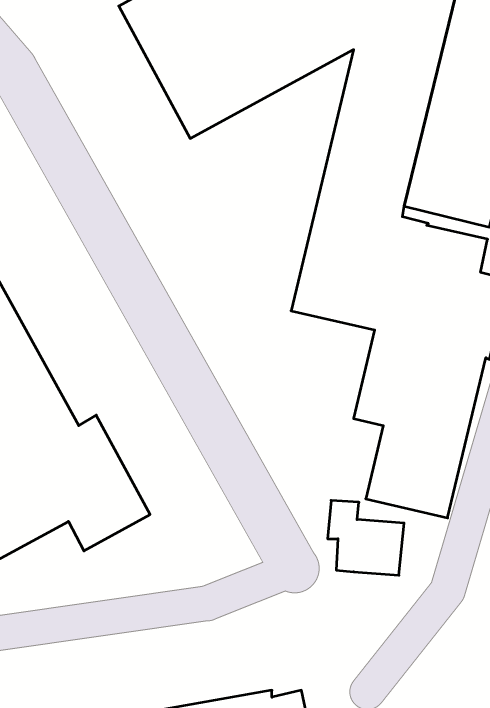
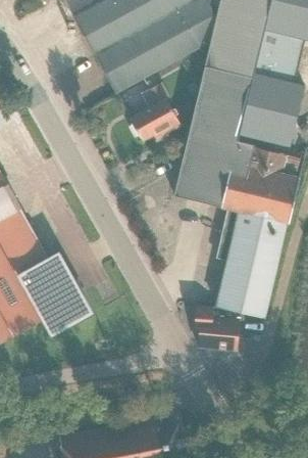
building: none -> [131,84,182,141]

